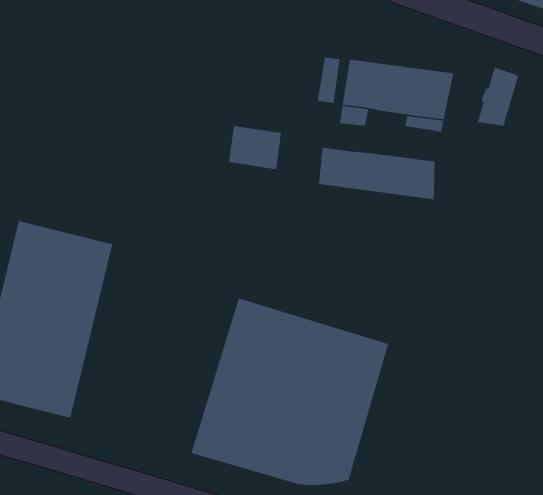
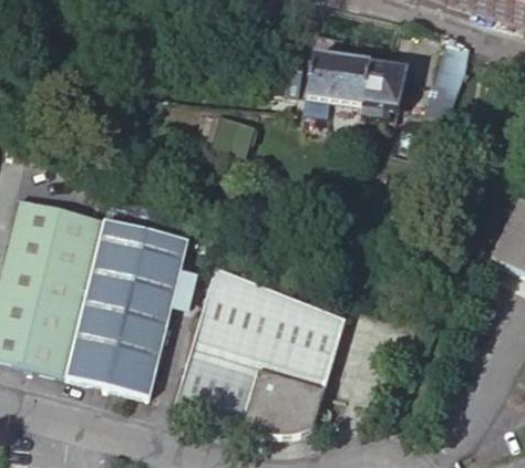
building: [318,147,436,200] -> none
building: none -> [66,219,188,394]

